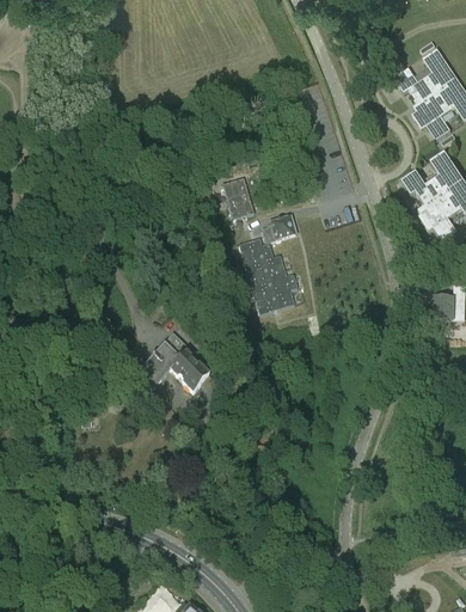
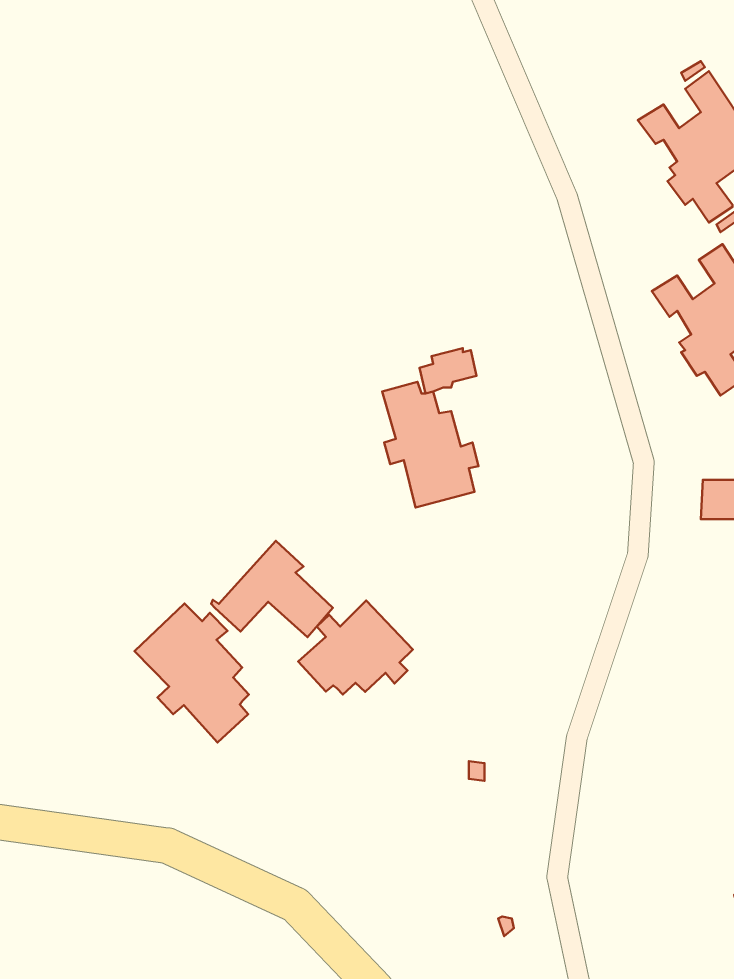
building: [221,176,252,218] -> none
building: none -> [298,600,413,695]
building: none -> [134,603,249,743]

